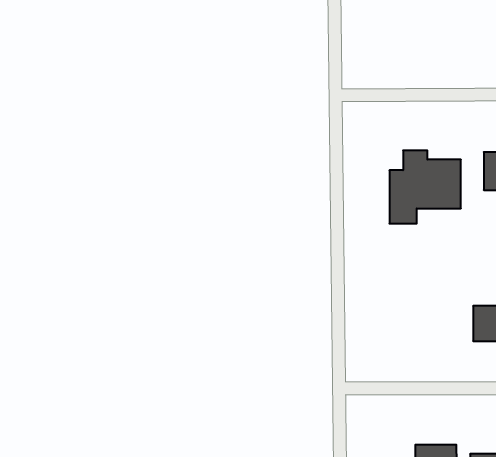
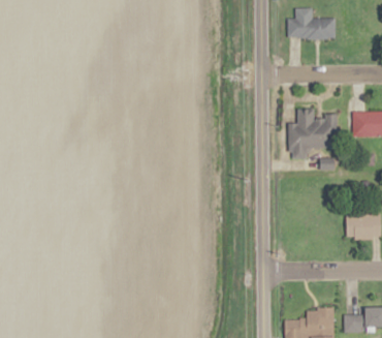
building: none -> [287,19,333,39]

